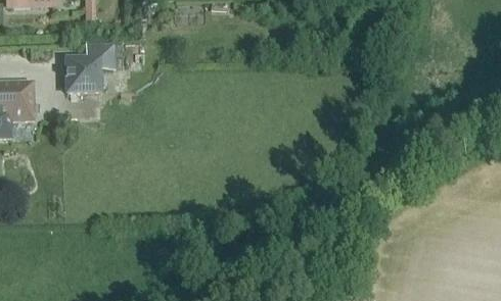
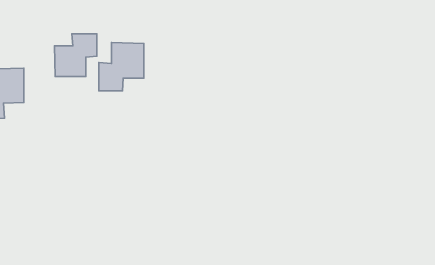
building: none -> [99,42,144,91]

